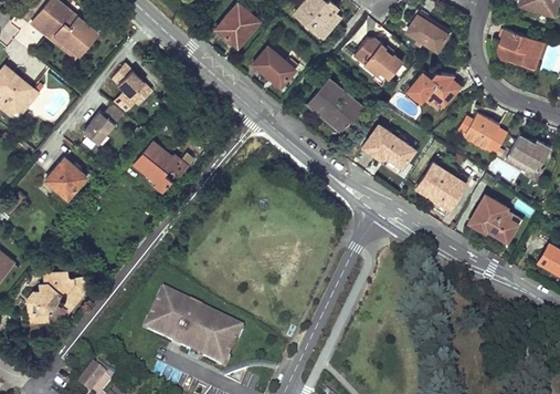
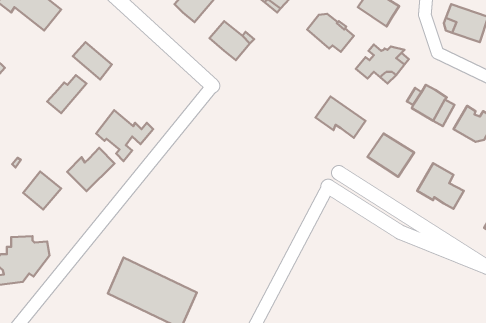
building: [310,82,359,127] -> none
building: [46,157,86,197] -> [23,171,61,210]
building: none -> [67,148,114,191]

